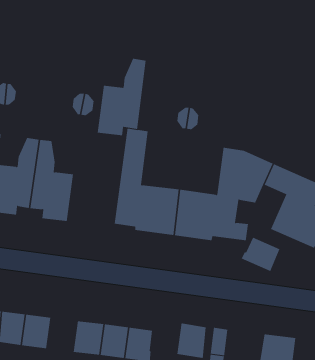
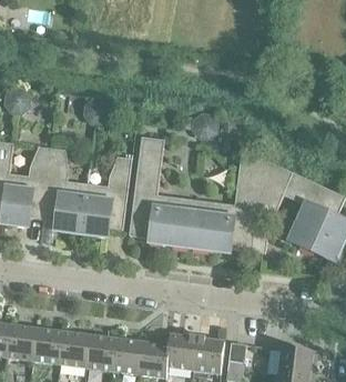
building: [97,58,146,136] -> [80,157,131,237]
building: [241,237,280,272] -> none
building: none -> [59,332,90,368]
building: none -> [165,334,196,370]

